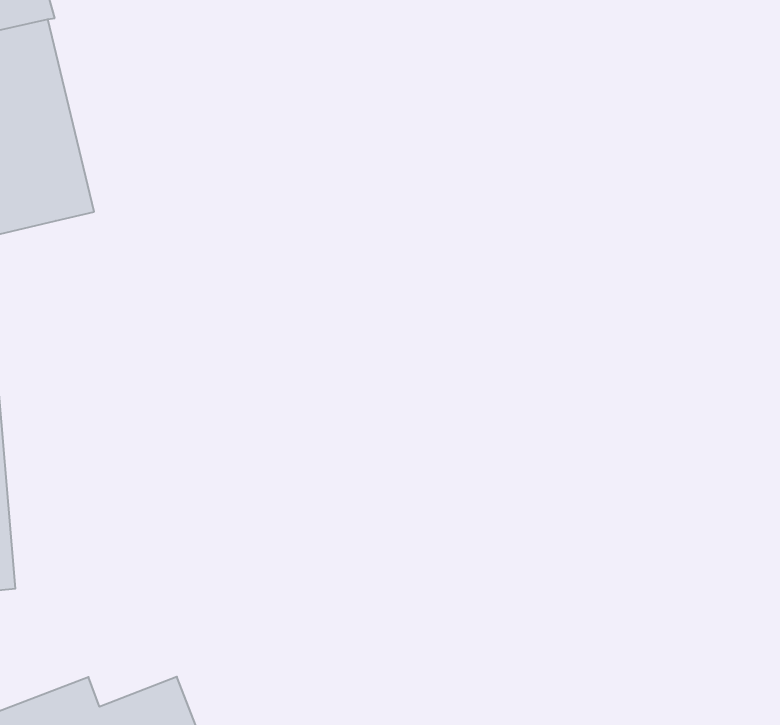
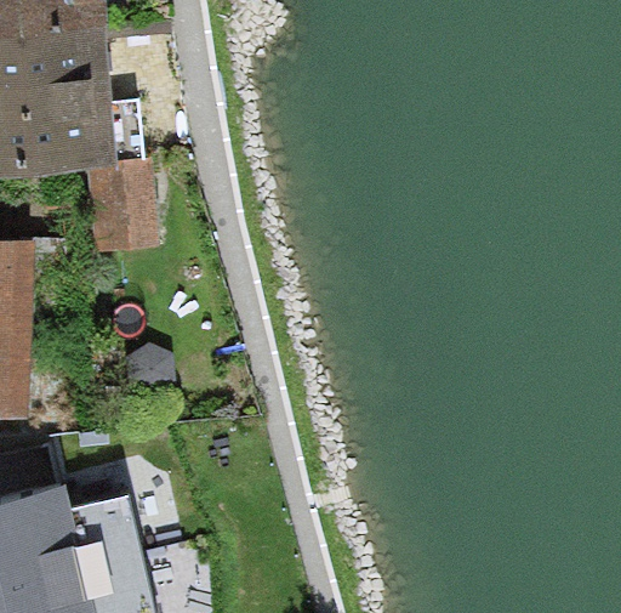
building: none -> [89,164,159,251]

